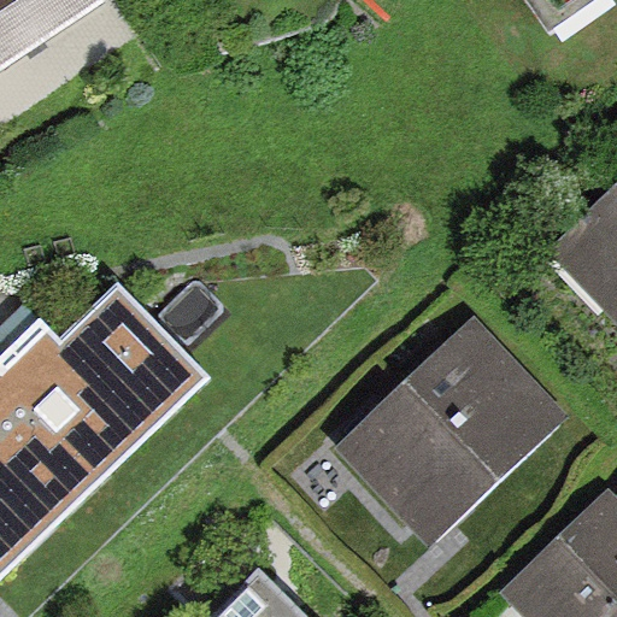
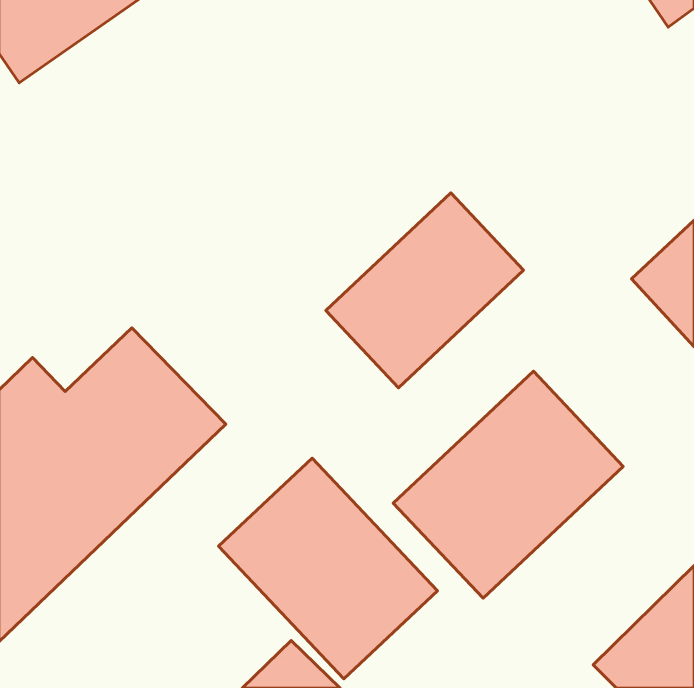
building: none -> [326,193,524,388]
building: none -> [219,458,437,679]

